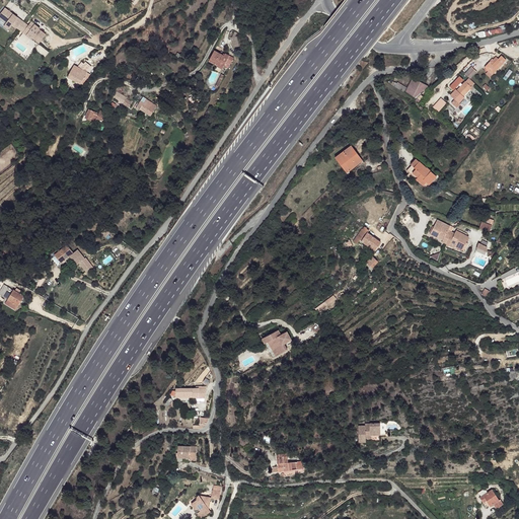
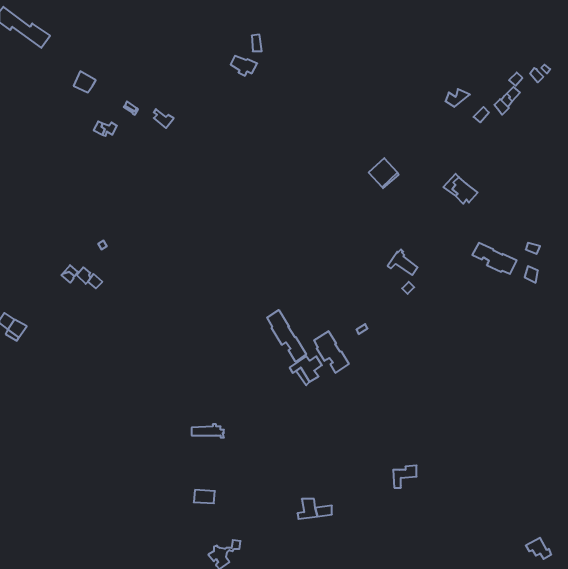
building: none -> [267,310,306,362]
building: none -> [314,331,349,373]

